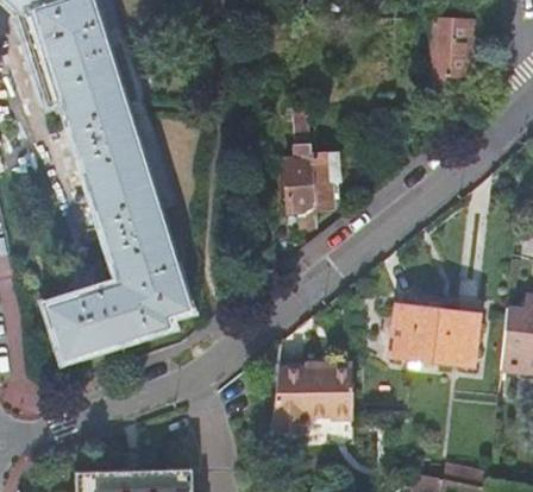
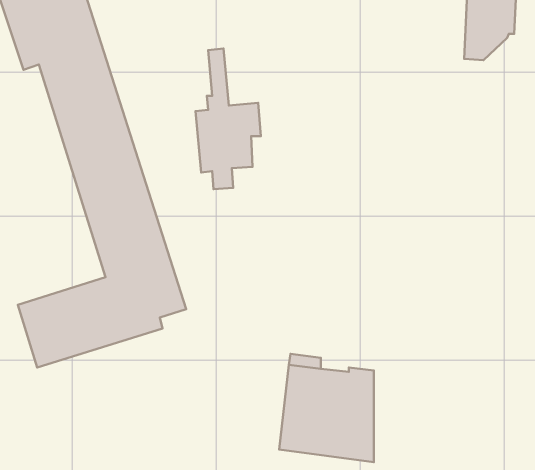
building: [284,106,340,226] -> [196,49,261,189]
building: [389,299,477,366] -> none

